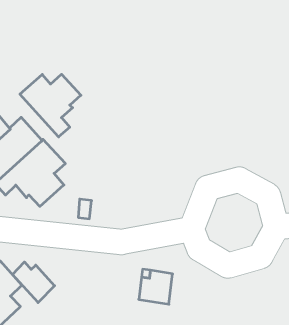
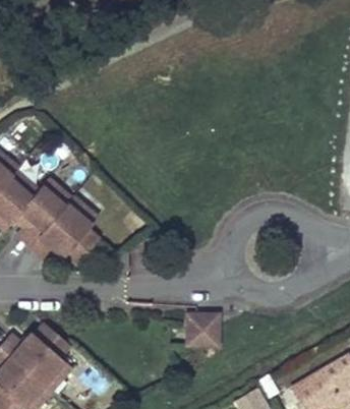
building: [20,74,81,137] -> none
building: [12,262,55,303] -> none

